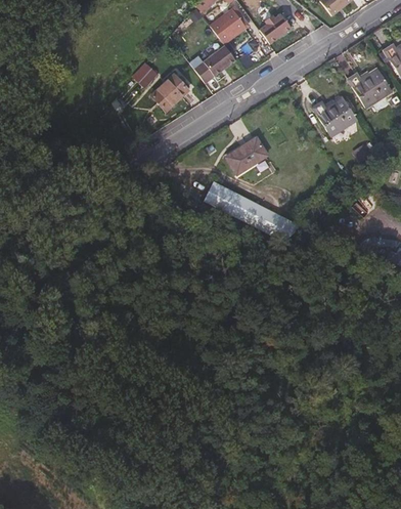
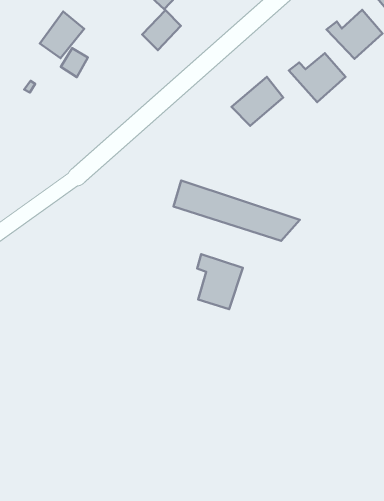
building: [149,73,186,110] -> [40,11,84,58]
building: [226,138,268,175] -> [232,77,283,126]
building: none -> [197,254,243,309]

